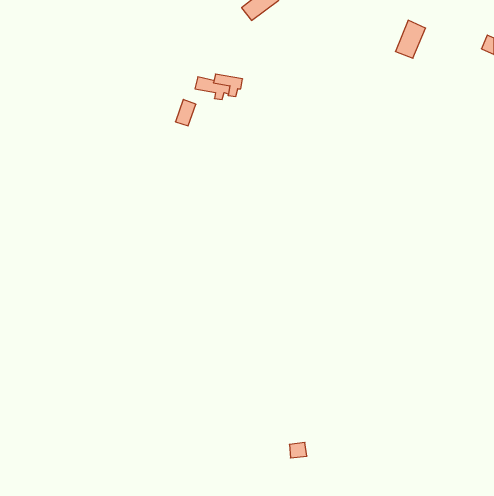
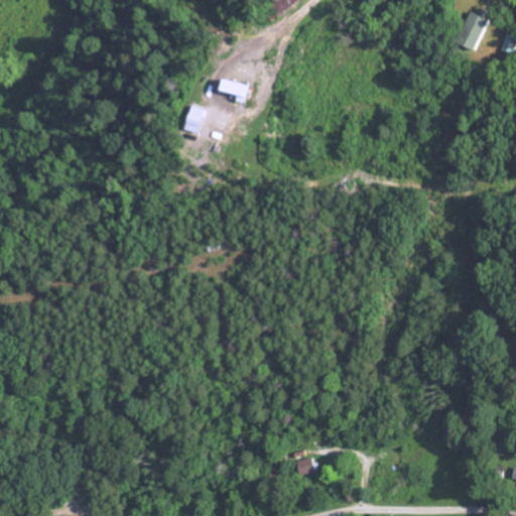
building: [395,20,426,58] -> [457,11,488,50]

